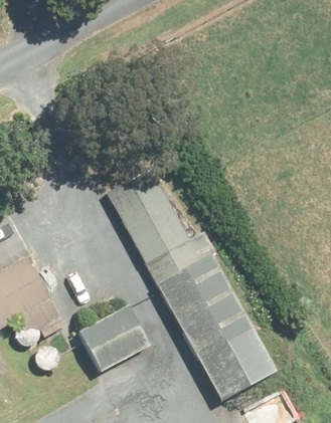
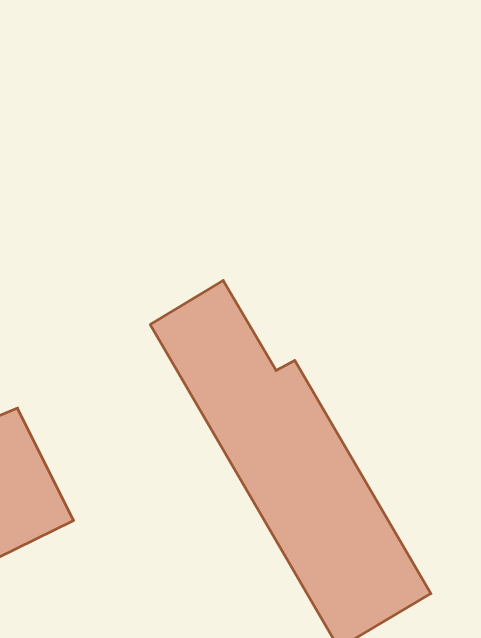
building: [79,305,147,364] -> none

